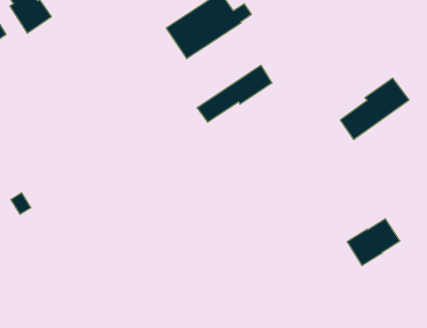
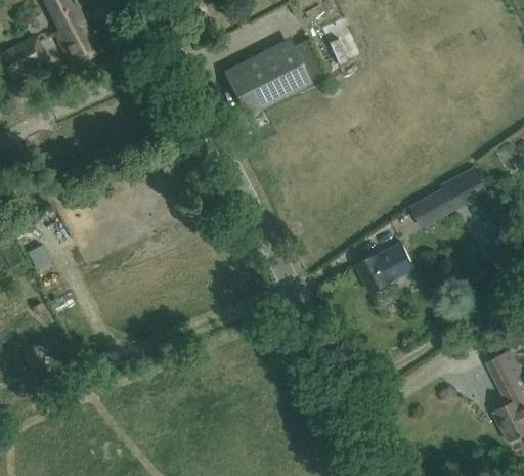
building: [197,65,272,122] -> none
building: [347,219,400,265] -> [355,241,414,290]

